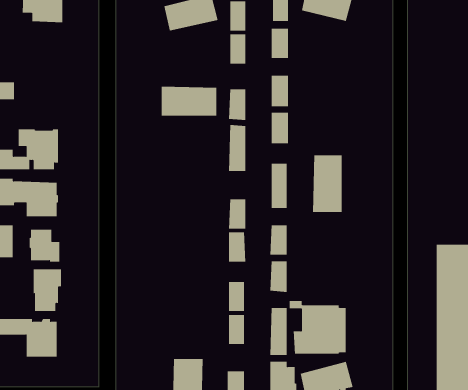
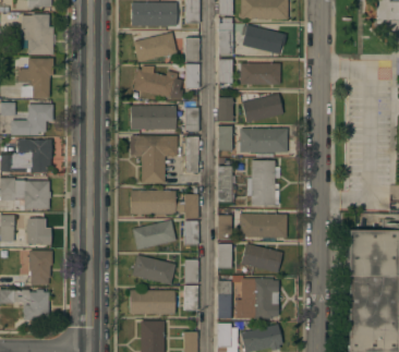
building: none -> [17,59,53,98]
building: none -> [240,63,280,85]
building: none -> [132,66,183,99]
building: none -> [242,94,282,123]
building: none -> [11,105,52,135]
building: none -> [240,129,287,153]
building: none -> [130,136,178,184]
building: none -> [130,191,176,215]
building: none -> [239,214,287,239]
building: none -> [132,220,176,250]
building: none -> [241,243,282,274]
building: none -> [132,255,176,286]
building: none -> [130,290,174,314]

